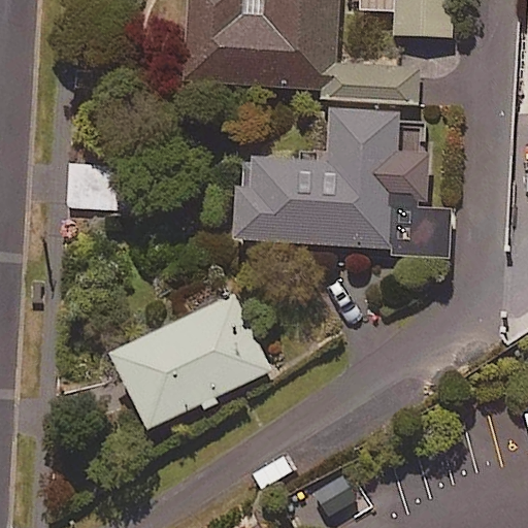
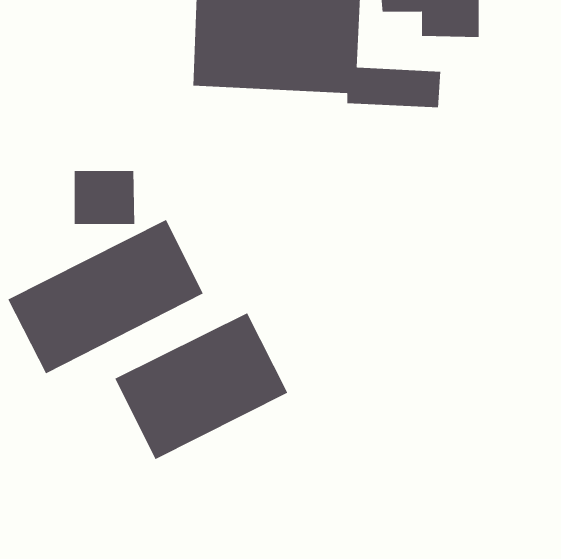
building: [230,109,452,251] -> none
building: none -> [8,219,203,374]

